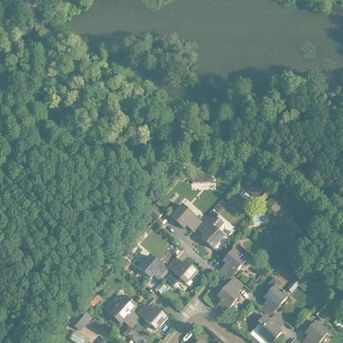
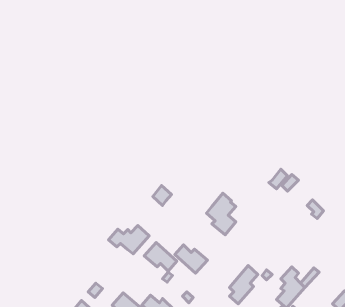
building: [169,204,200,230] -> none
building: none -> [108,225,149,254]
building: [218,241,251,278] -> none

